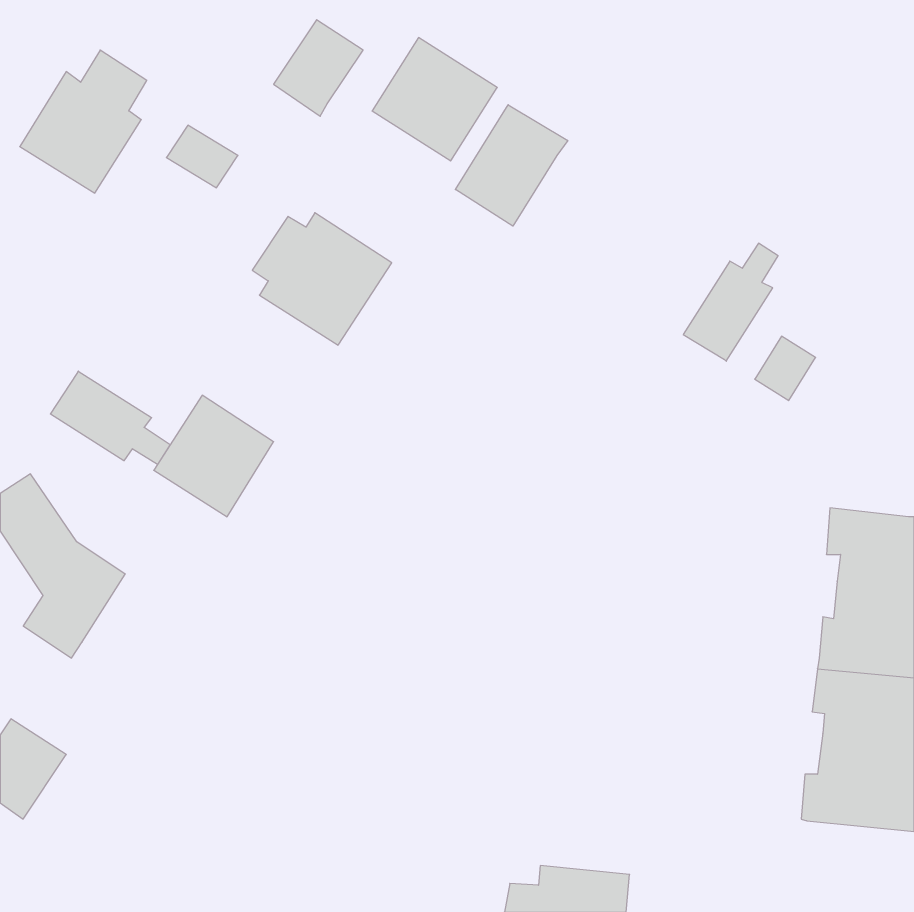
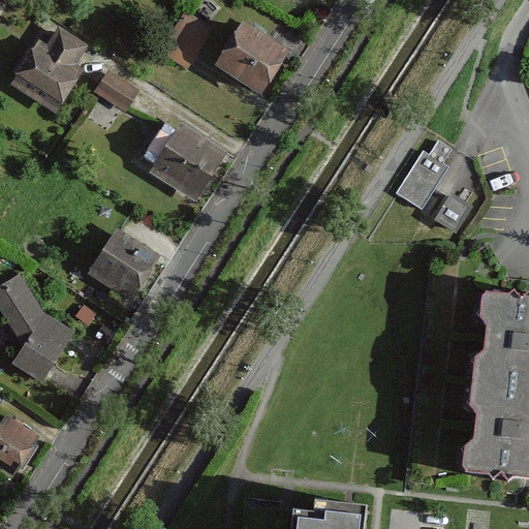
building: [455,105,568,226] -> none
building: [50,371,170,465] -> none

